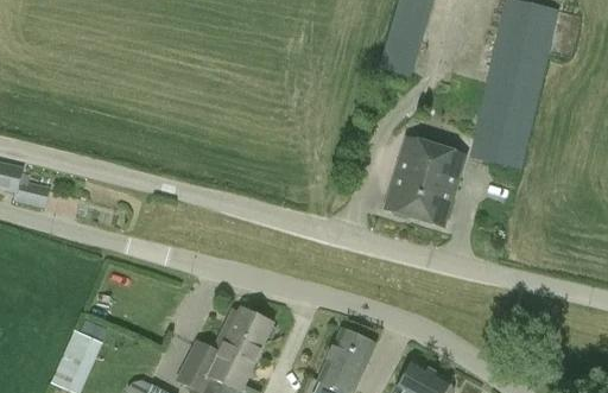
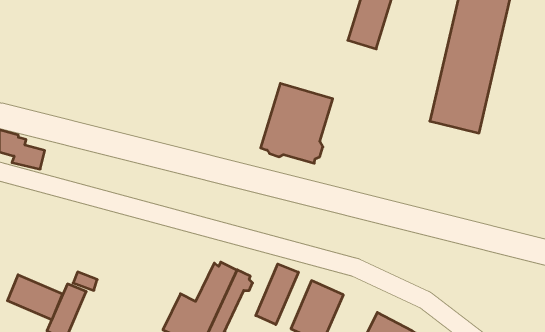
building: [385,139,463,226] -> [261,83,333,163]
building: none -> [256,264,298,325]
building: none -> [7,275,63,320]

